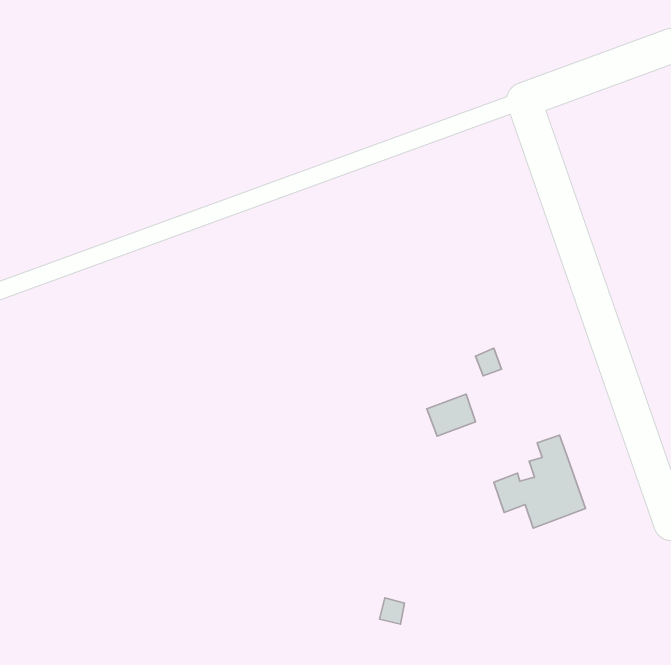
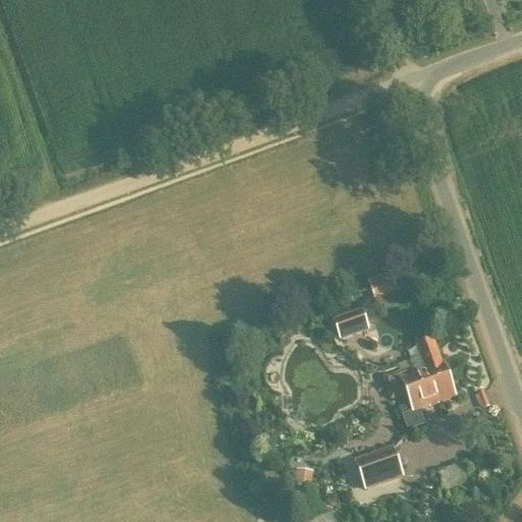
building: none -> [354,443,404,488]

